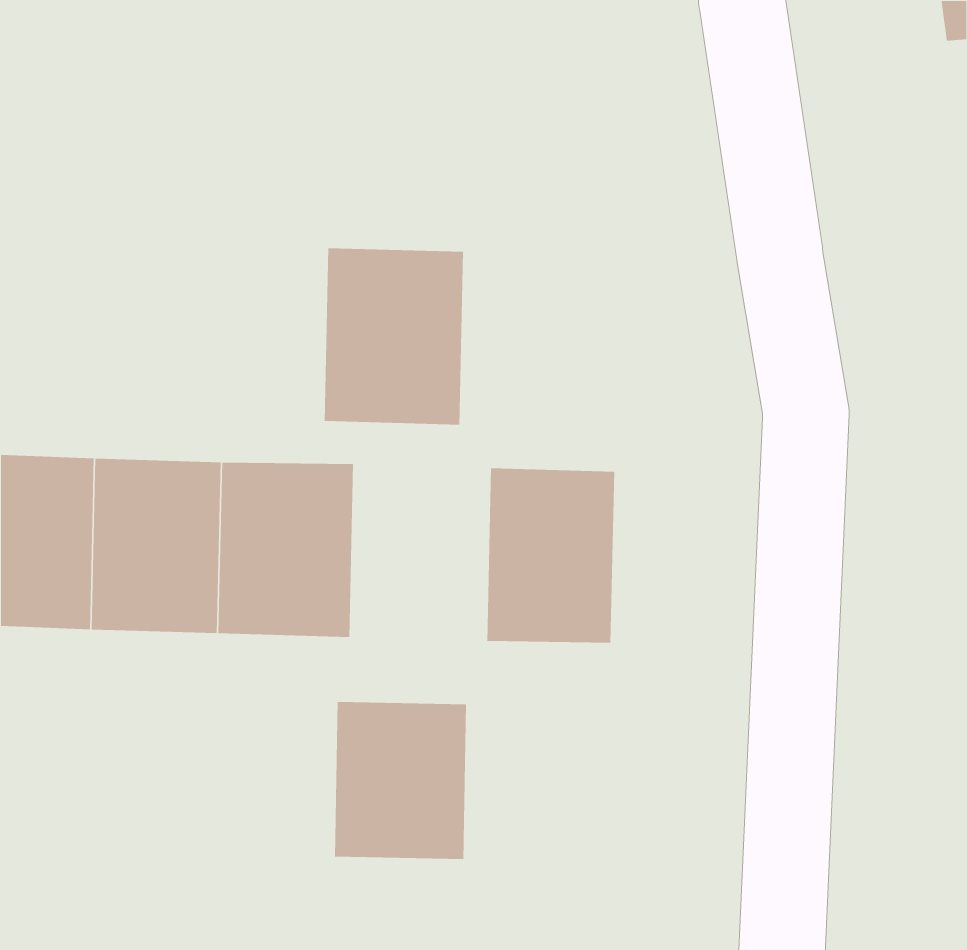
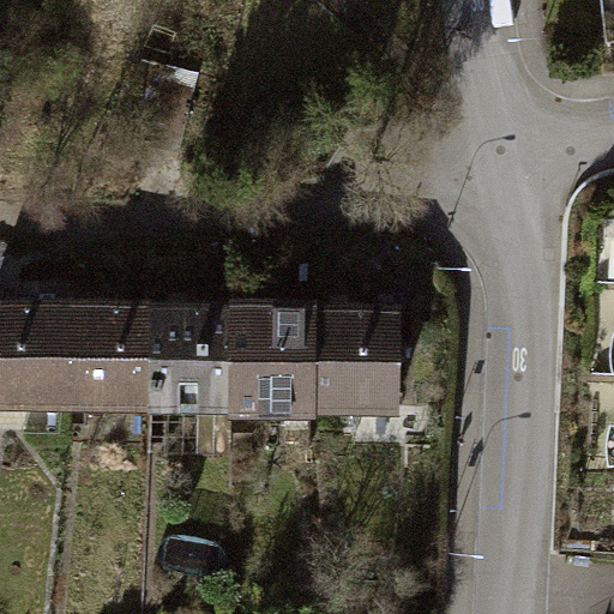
building: [324,247,464,425] -> [222,305,311,417]
building: [334,701,467,860] -> none

